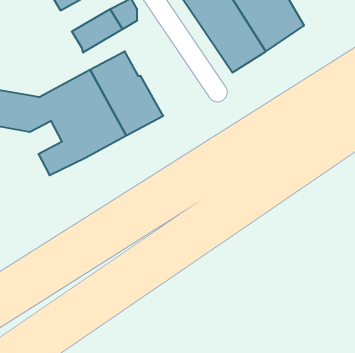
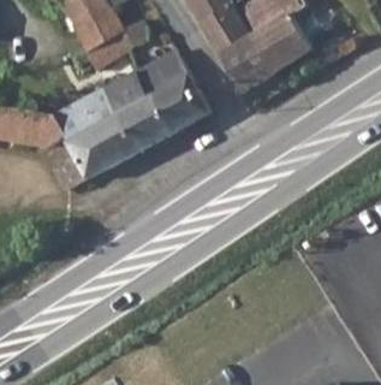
building: none -> [138,48,212,131]

